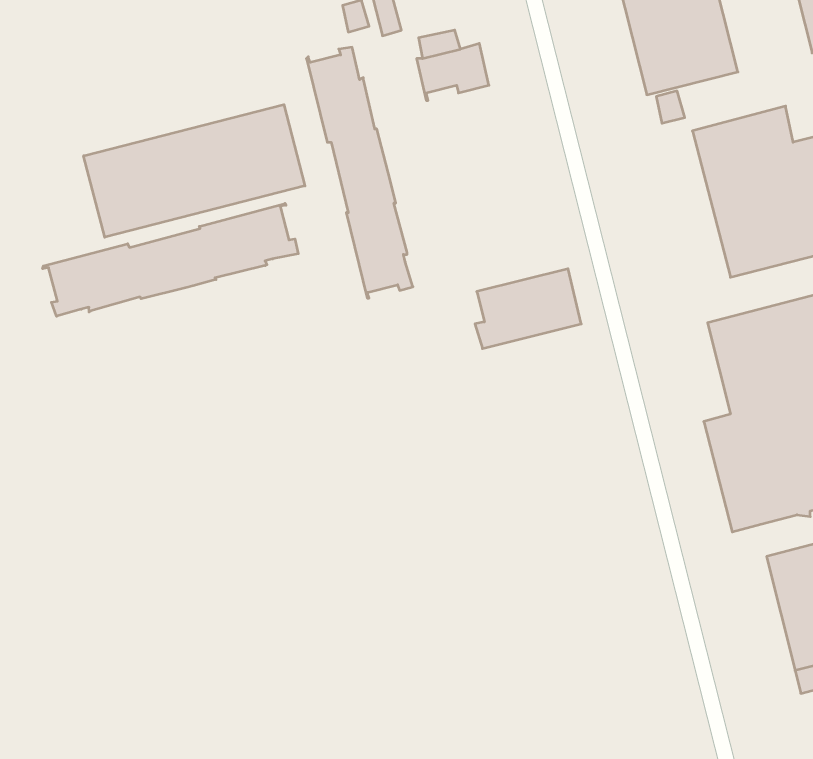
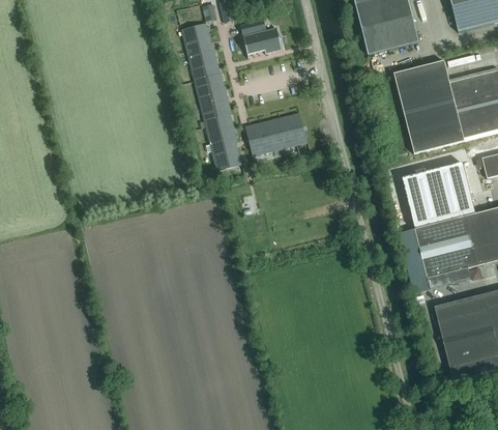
building: [84,105,305,237] -> none
building: [43,203,298,316] -> none
building: [475,269,581,349] -> [250,112,307,155]

